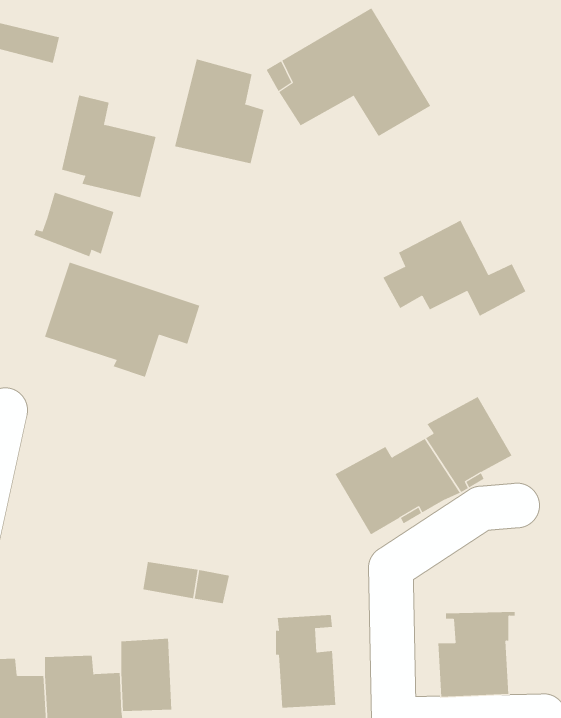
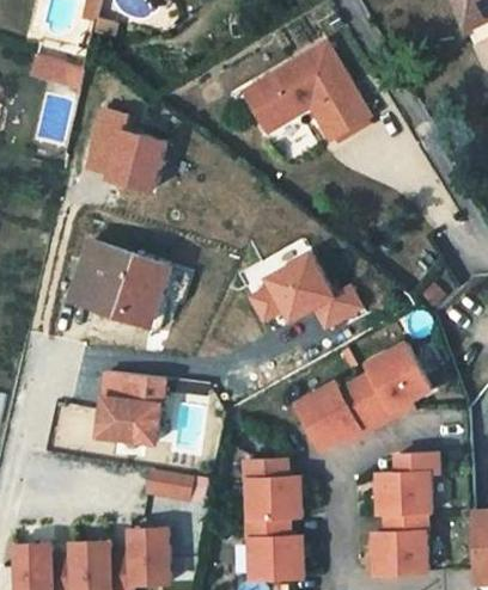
building: [174,59,264,164] -> none
building: [34,192,114,257] -> none
building: [383,220,526,317] -> [249,254,359,328]
building: none -> [93,374,161,445]
building: none -> [379,454,441,509]
building: none -> [246,461,293,512]

